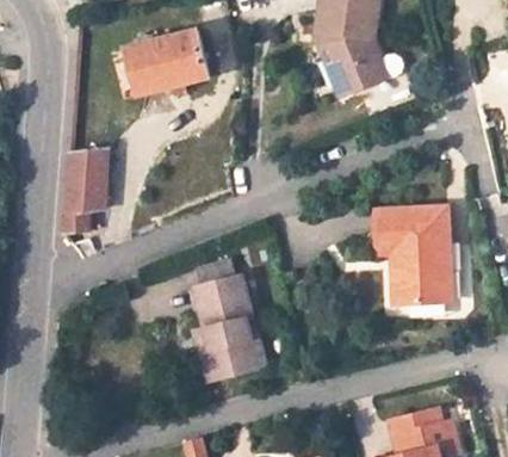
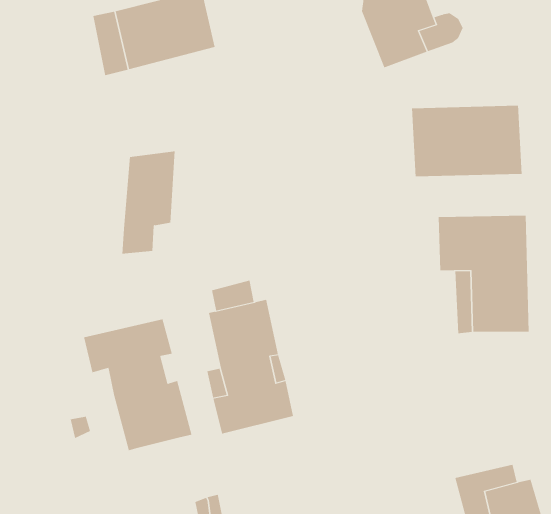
building: none -> [411,105,522,177]
building: [64,149,107,231] -> [122,151,176,254]
building: none -> [84,318,192,451]

